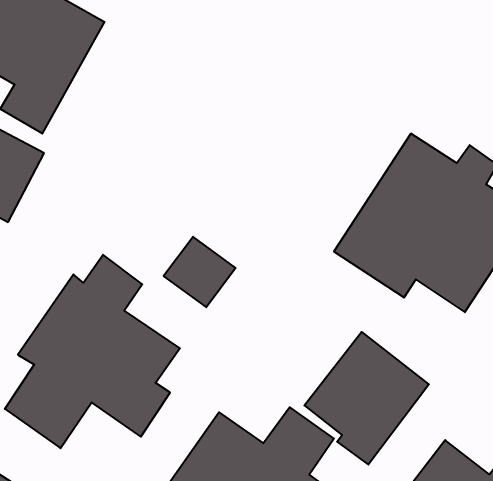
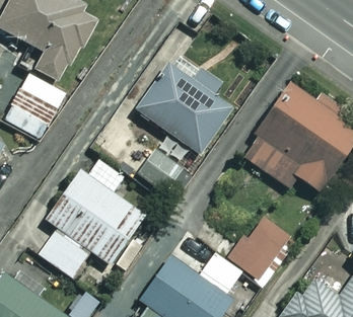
building: none -> [136,62,232,155]

